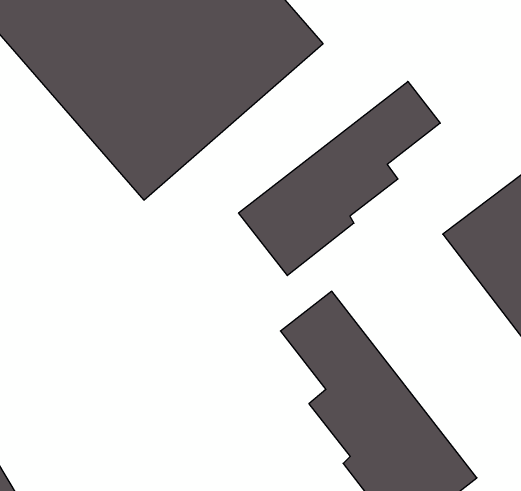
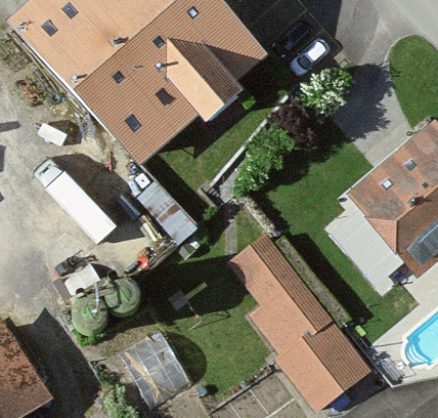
building: [239,81,440,276] -> none

